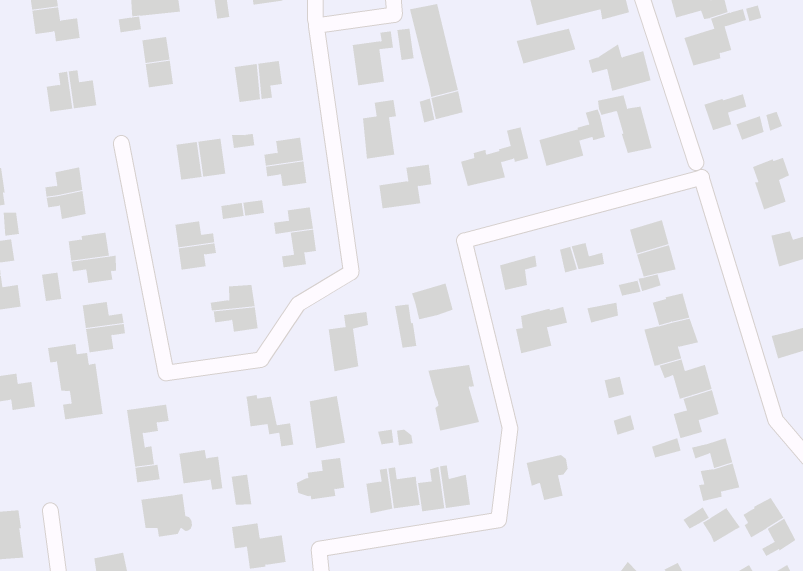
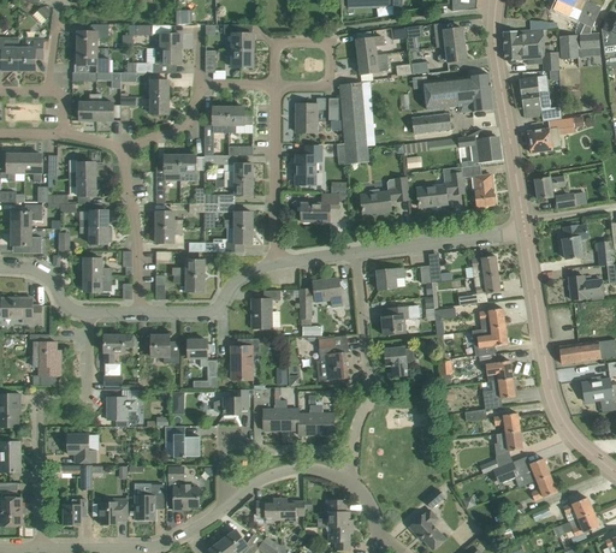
building: [47,344,104,420] -> [28,334,60,386]
building: [178,449,223,490] -> [150,334,178,363]
building: [526,455,568,500] -> [384,346,413,376]

